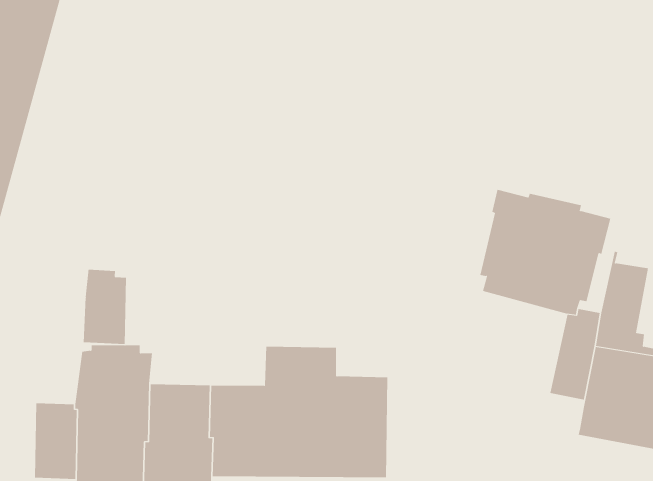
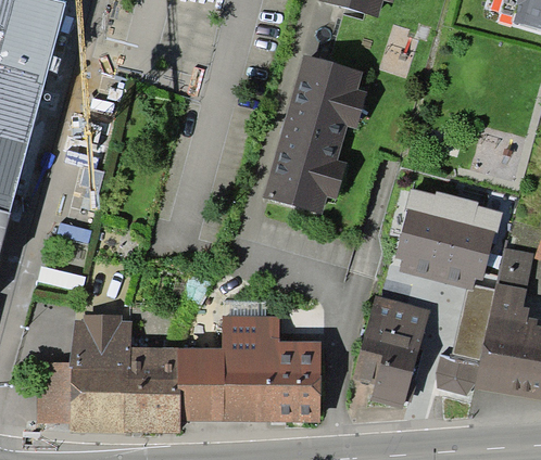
building: none -> [263,54,368,214]
building: [83,269,126,345] -> none
building: none -> [353,294,431,408]
building: none -> [437,354,480,395]

